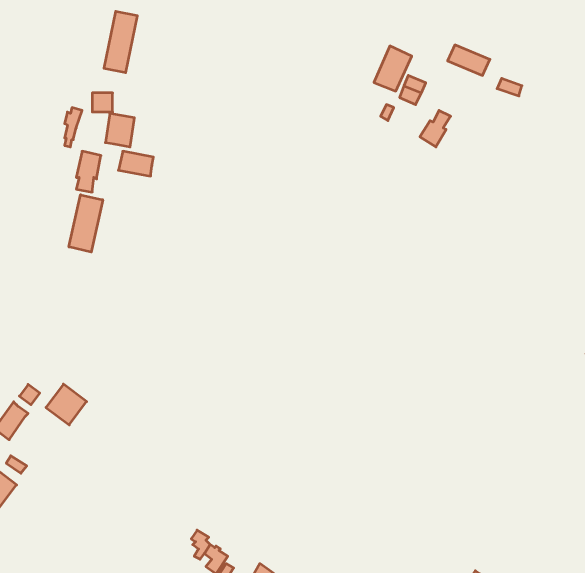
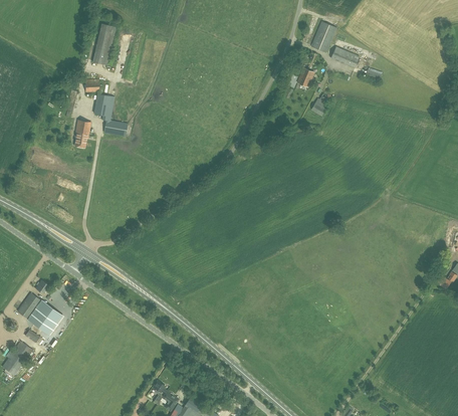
building: [374,46,412,91] -> [311,21,337,52]
building: [69,195,103,252] -> none
building: [46,384,87,425] -> [30,304,58,333]

